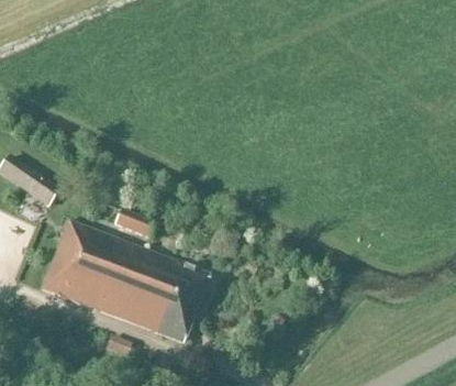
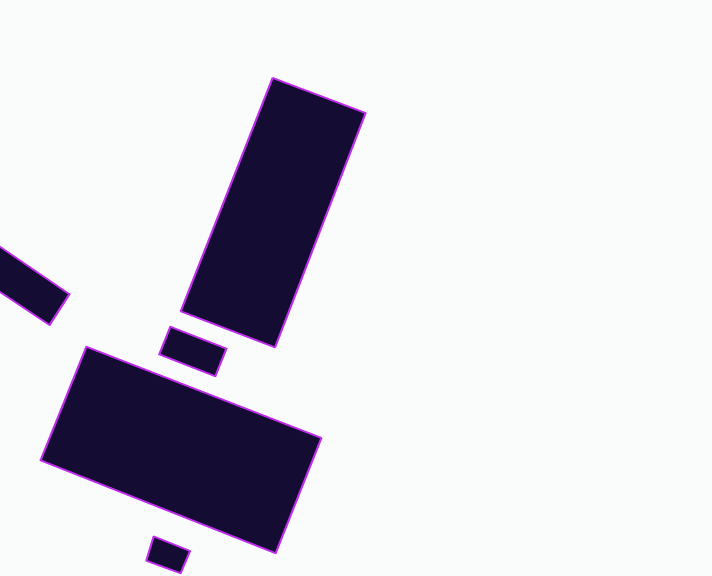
building: none -> [181,78,366,347]

